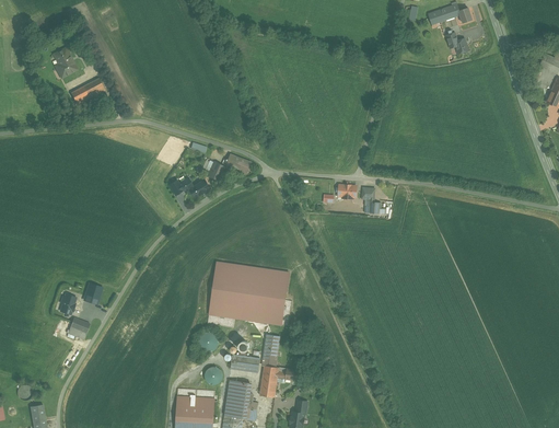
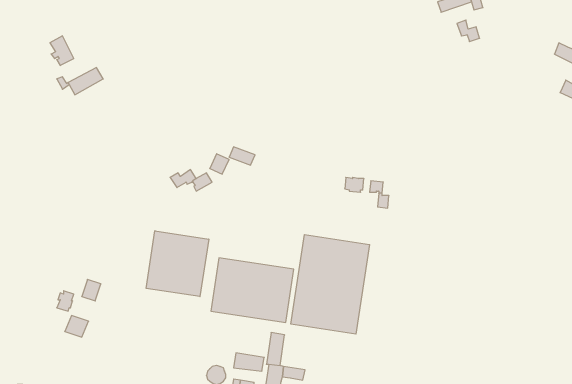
building: none -> [146,231,209,297]
building: none -> [291,235,370,334]

